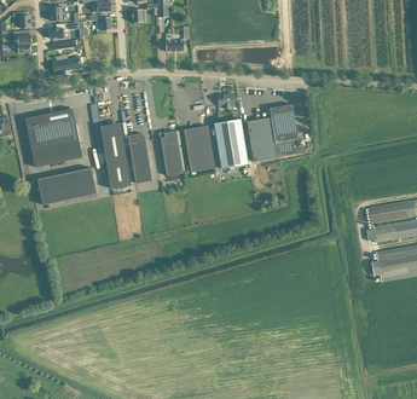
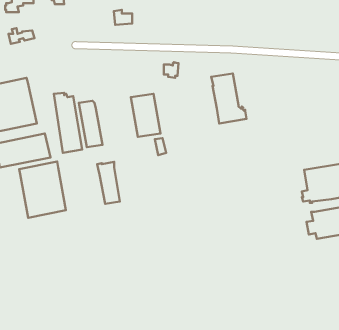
building: [215,115,248,167] -> none
building: [247,116,277,161] -> none
building: [158,129,183,174] -> [97,162,120,204]
building: none -> [19,162,66,218]

